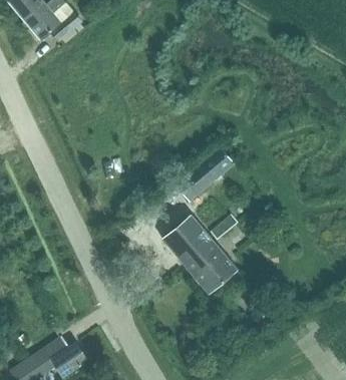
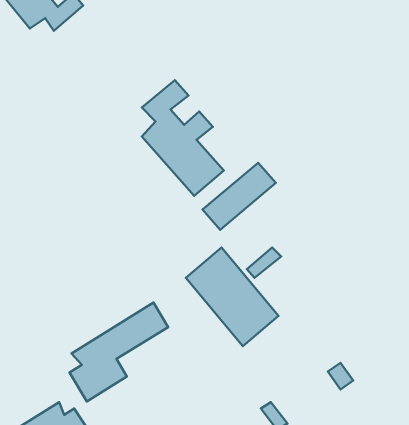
building: none -> [142,80,224,196]
building: none -> [69,303,168,402]

